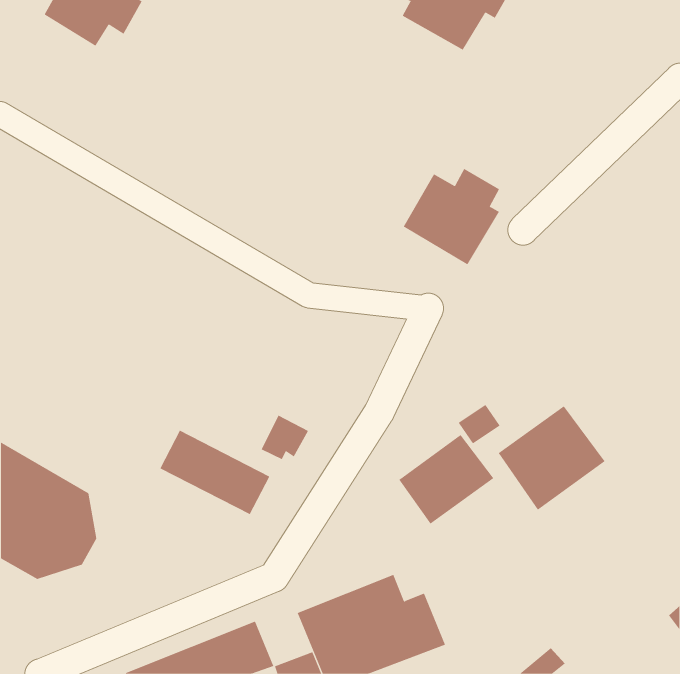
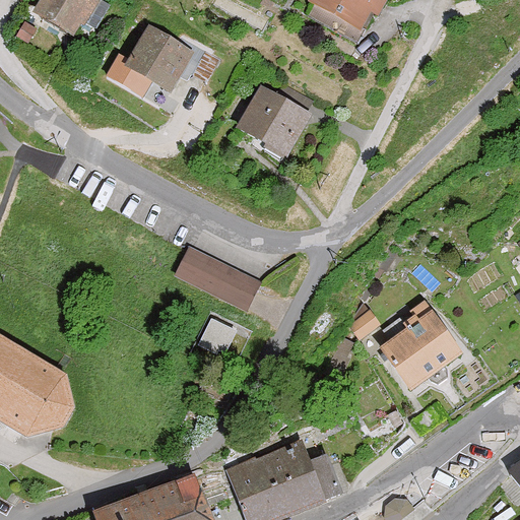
building: none -> [107,25,193,96]
building: [403,168,500,265] -> [237,81,311,155]
building: [160,430,270,515] -> [175,245,259,310]
building: [398,434,494,525] -> none

